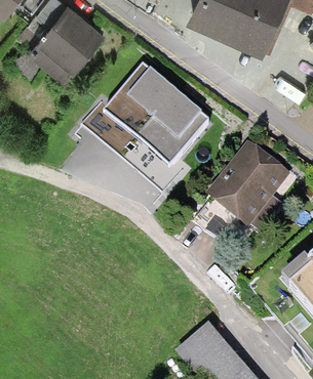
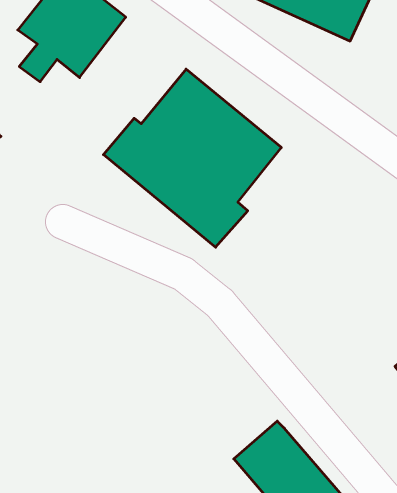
building: [207,139,290,225] -> none

